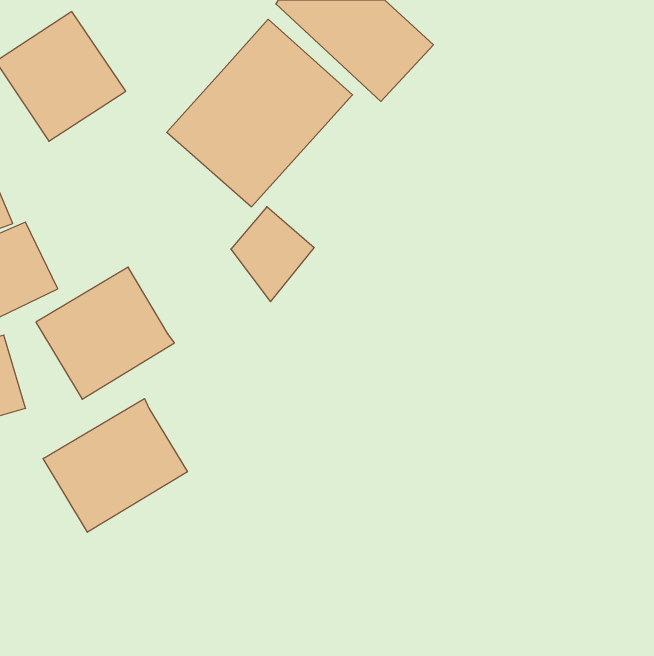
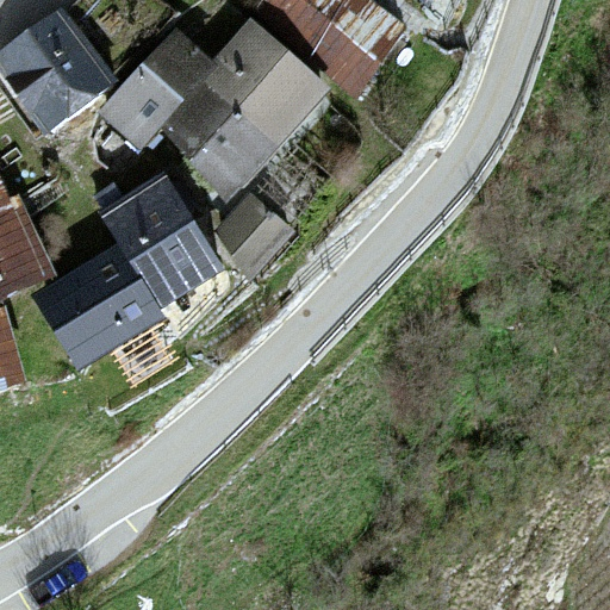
building: none -> [98,29,211,145]
building: none -> [98,173,222,310]
building: [43,399,187,532] -> none

